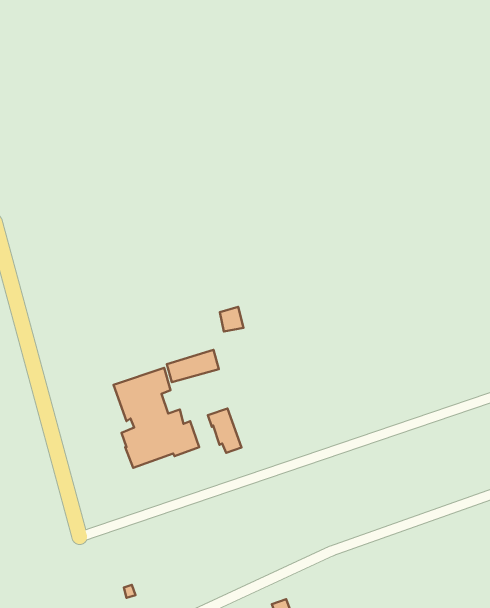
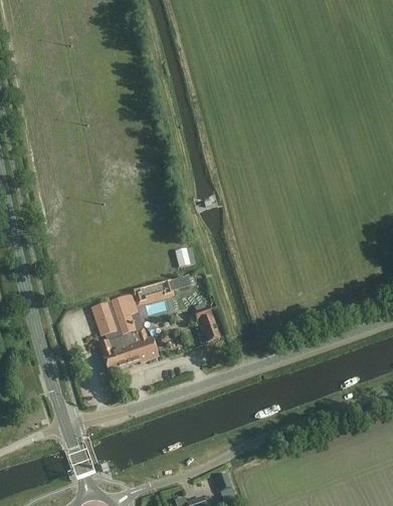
building: [208,409,242,453] -> [194,306,220,340]

